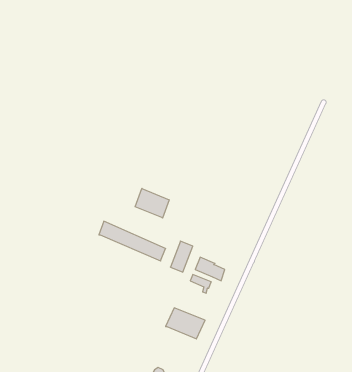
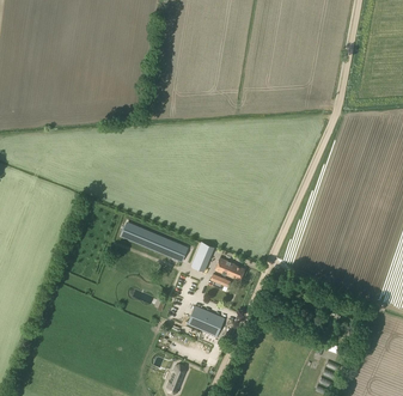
building: [135,188,169,218] -> none

